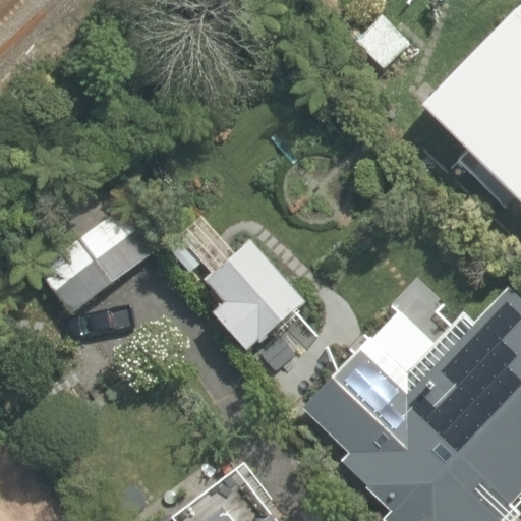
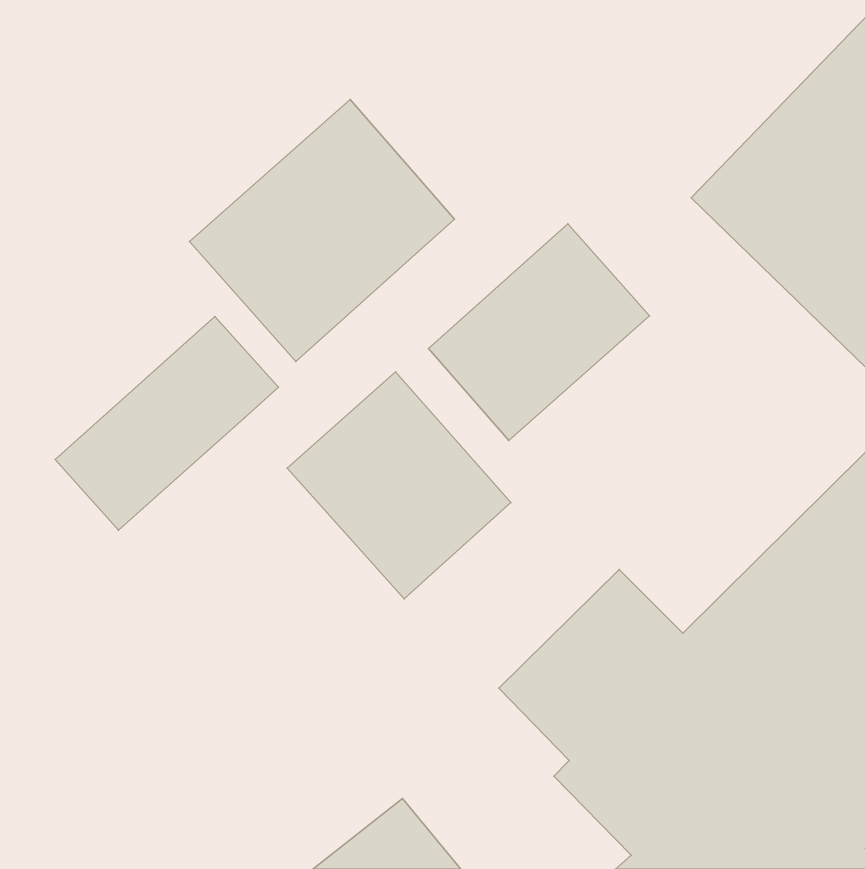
building: none -> [190,100,454,361]
building: none -> [429,224,650,440]

